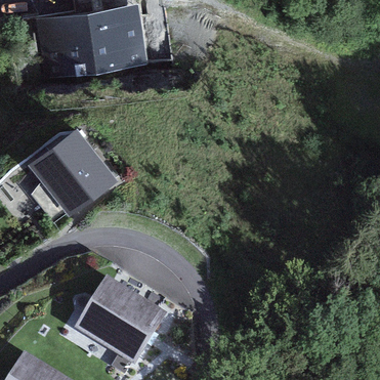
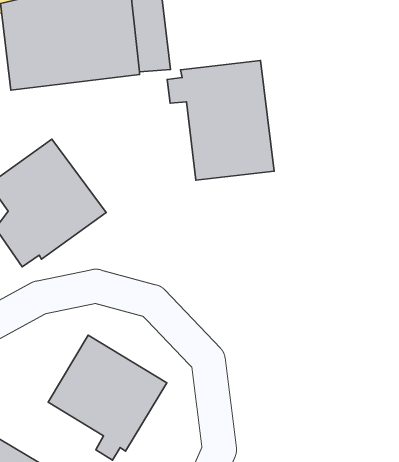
building: none -> [167,60,274,180]

